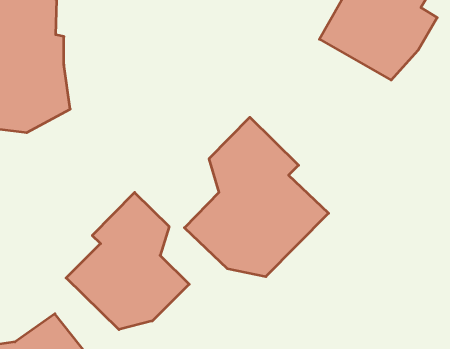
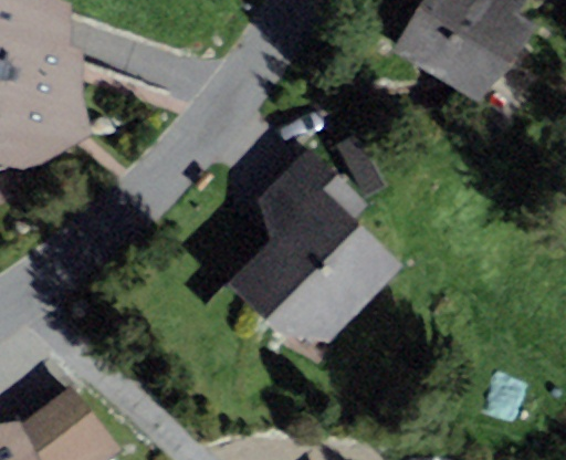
building: [66,192,189,330] -> none

